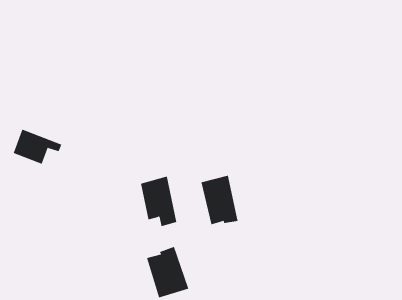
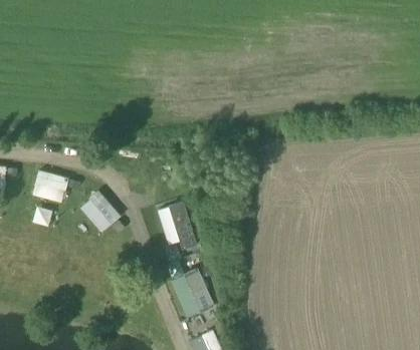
building: none -> [79,191,123,233]
building: [201,175,238,225] -> none

